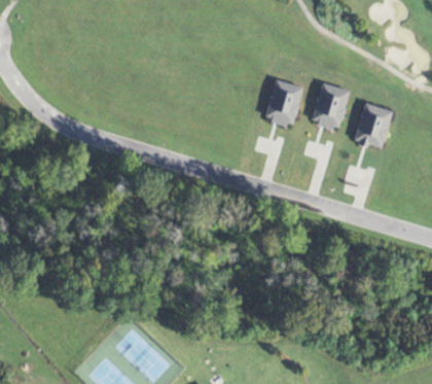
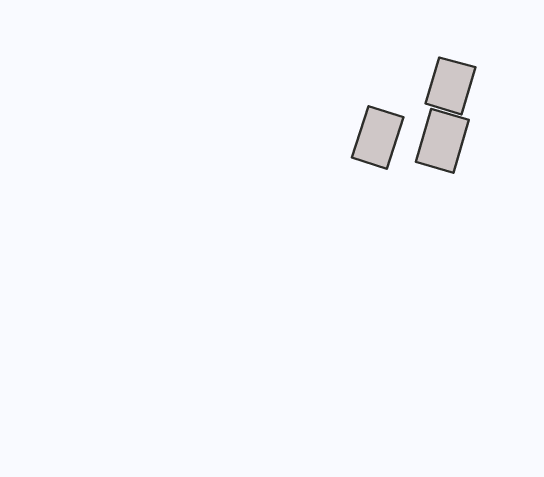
building: [355,104,392,146] -> [425,58,476,115]

